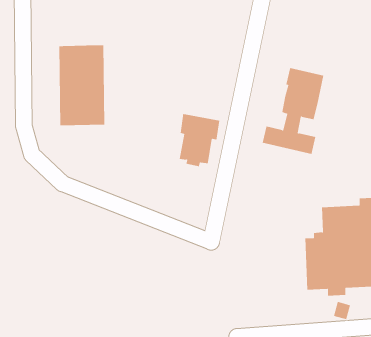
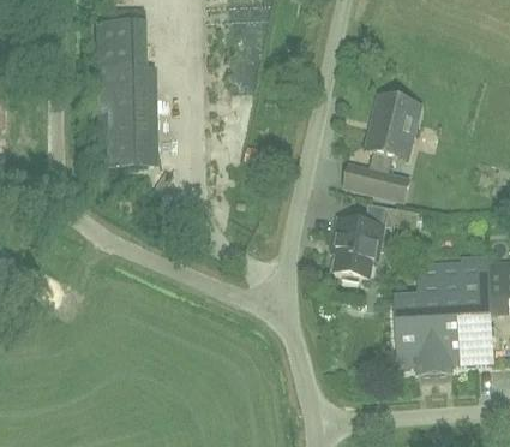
building: none -> [103,24,146,66]
building: [179,113,220,167] -> [334,214,384,279]

